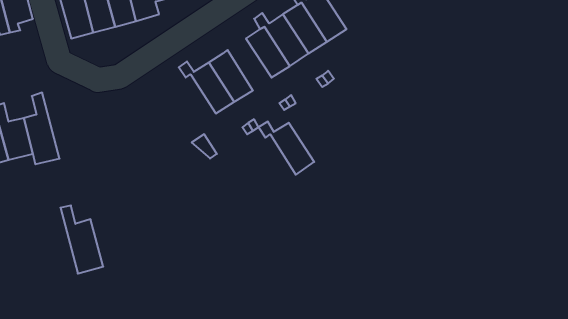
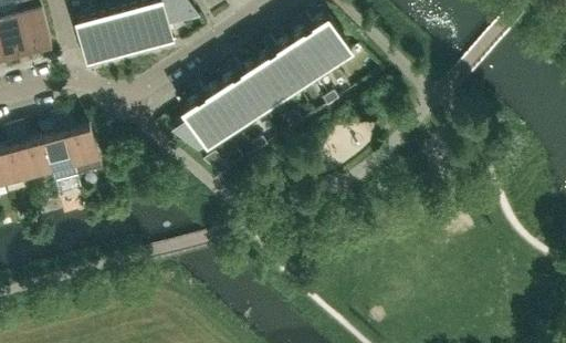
building: none -> [171,100,226,156]
building: [259,122,314,175] -> [226,64,279,115]
building: [60,205,103,274] -> [60,115,101,180]

